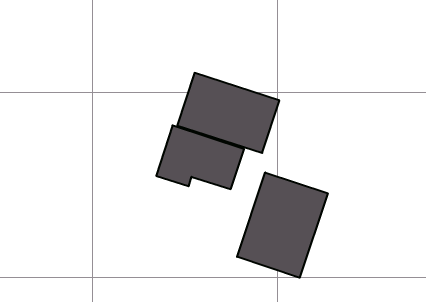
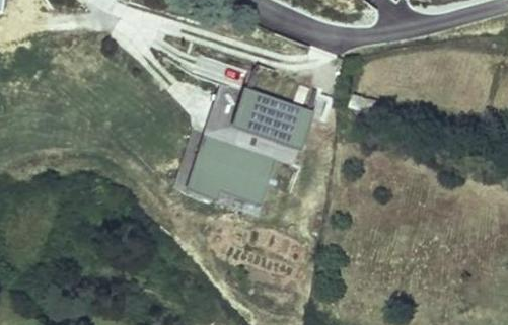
building: [237,172,328,278] -> none

